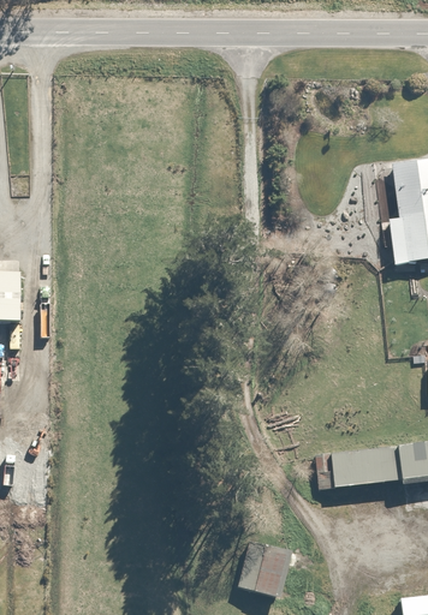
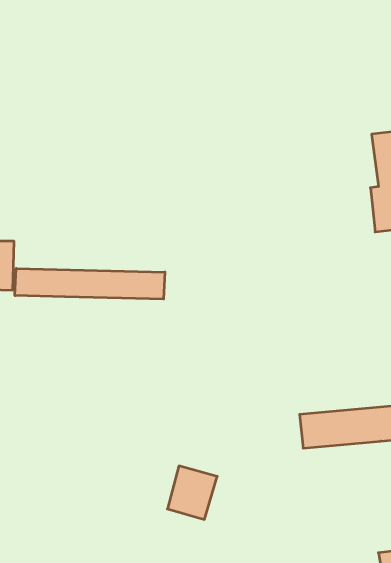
building: none -> [15,268,165,299]
building: [238,541,290,596] -> [167,466,217,519]

